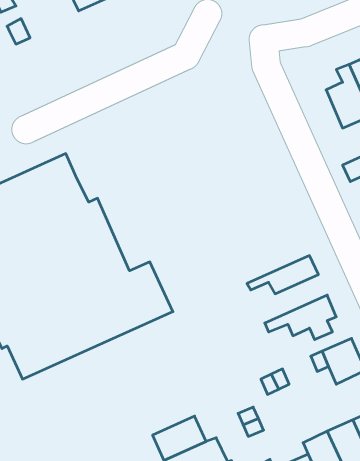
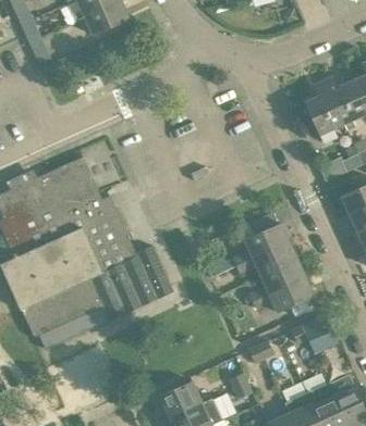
building: none -> [211,223,291,277]
building: none -> [249,260,306,301]

